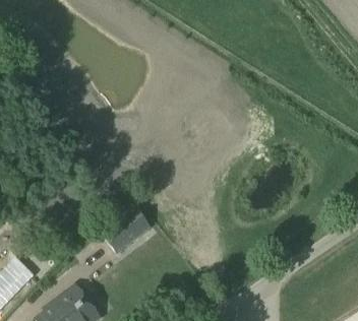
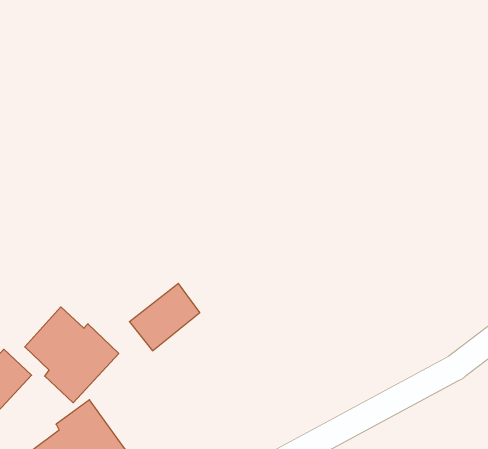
building: none -> [25,307,119,403]

